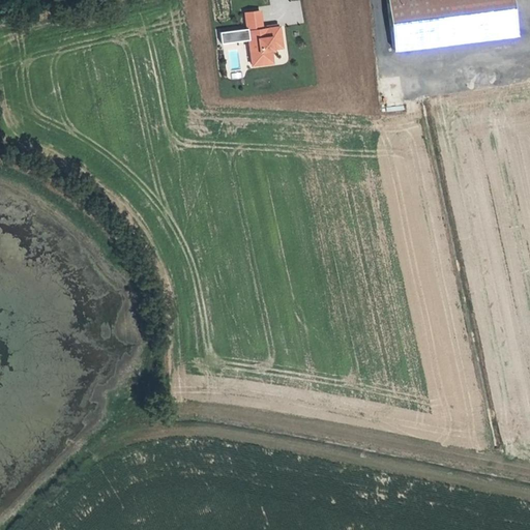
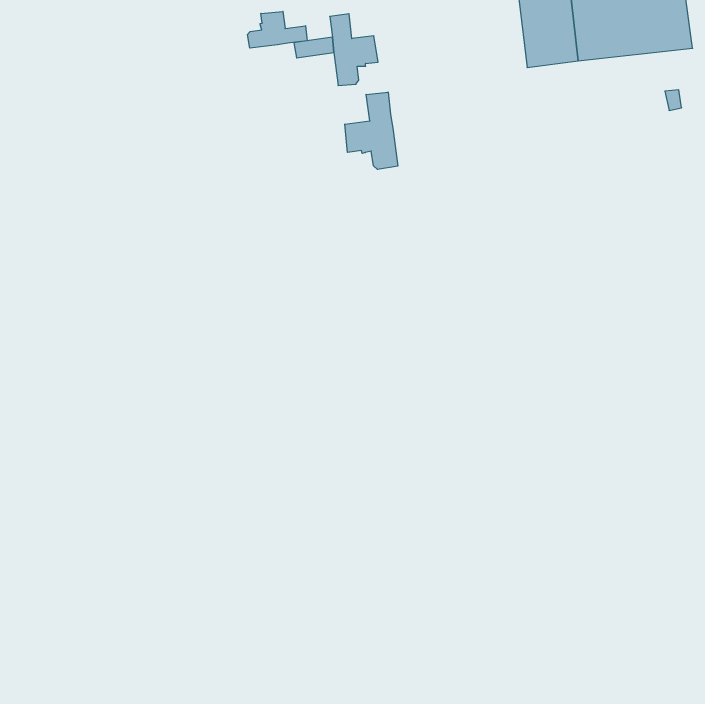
building: none -> [248,11,307,48]
building: none -> [345,92,398,169]

